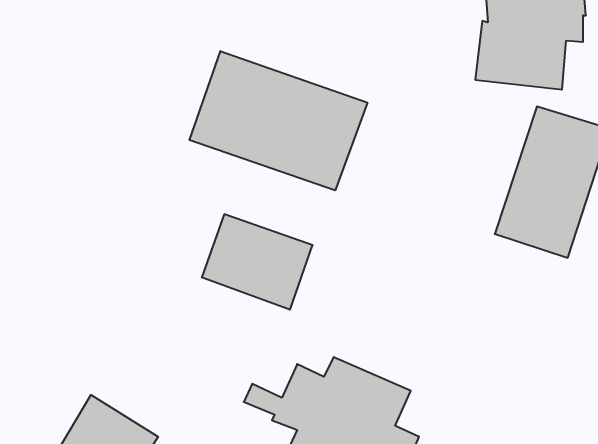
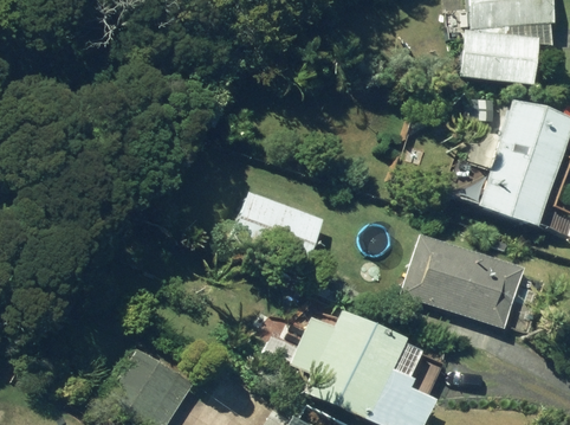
building: [189,51,367,190] -> none
building: none -> [400,232,525,327]

